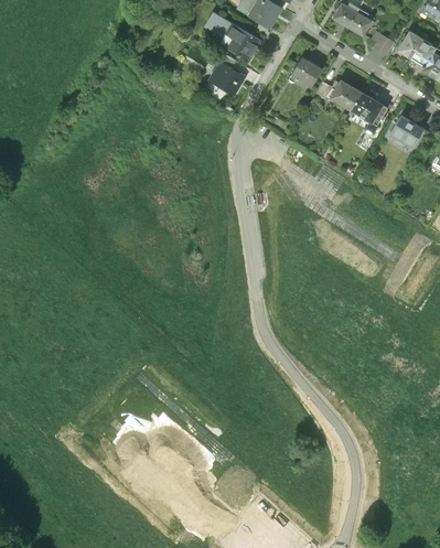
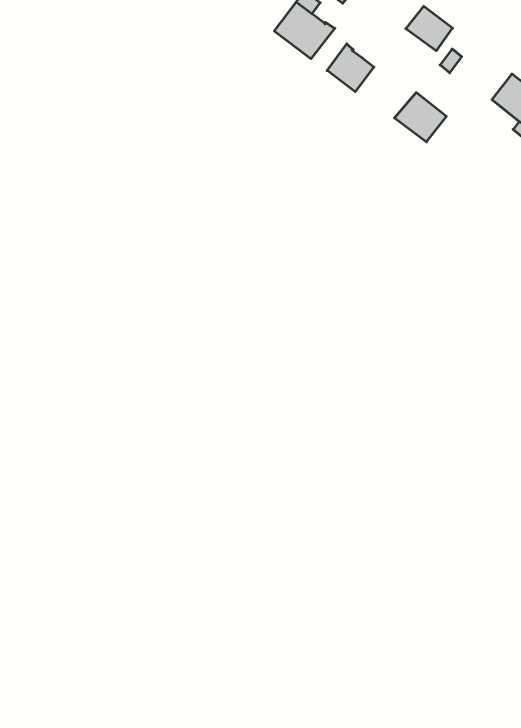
building: [329,80,362,111] -> [394,93,446,142]
building: none -> [327,44,374,92]

